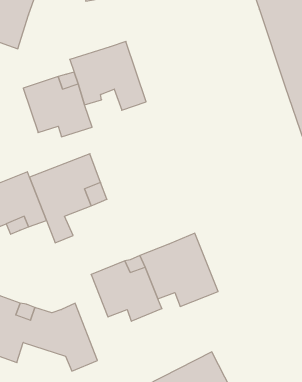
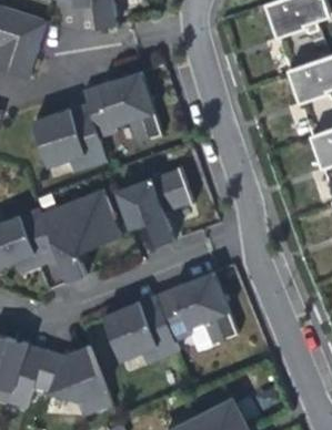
building: none -> [114,168,191,248]

